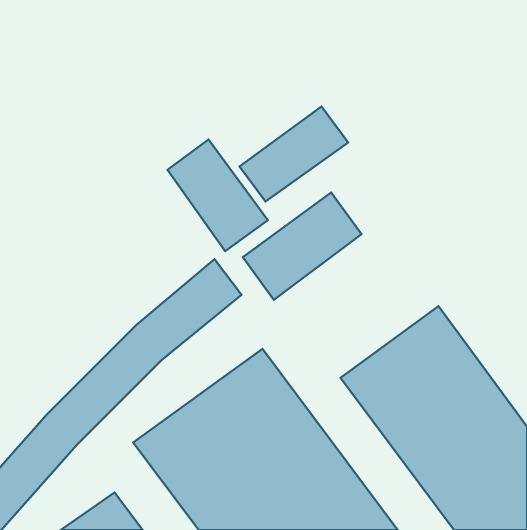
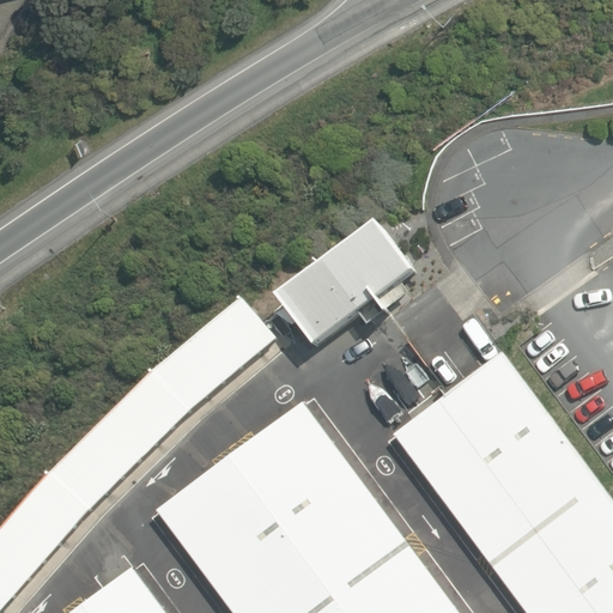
building: [239,106,348,202] -> none
building: [167,140,268,251] -> none

